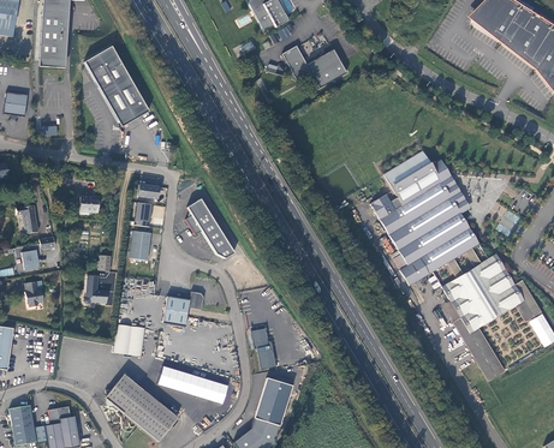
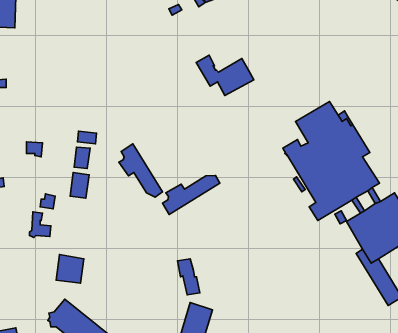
building: [282,44,347,90] -> [196,55,254,96]
building: [81,47,147,127] -> none
building: none -> [162,175,220,215]
building: [163,291,204,325] -> none
building: [157,365,227,404] -> none

